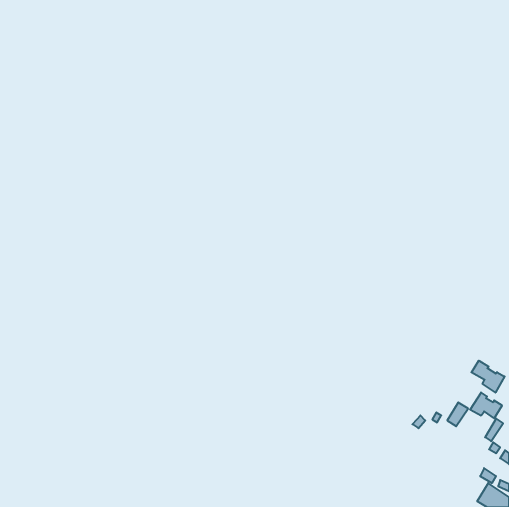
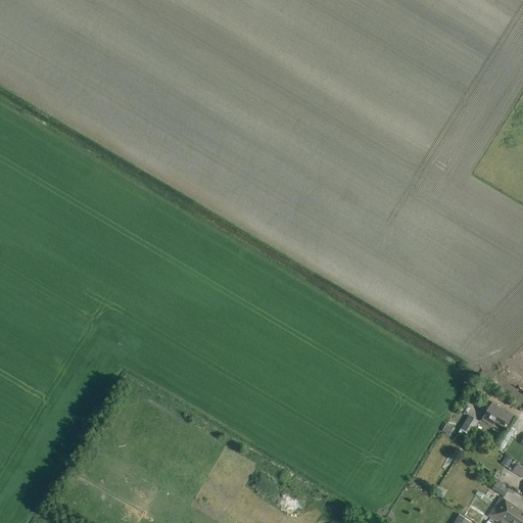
building: [471,361,505,393] -> none

